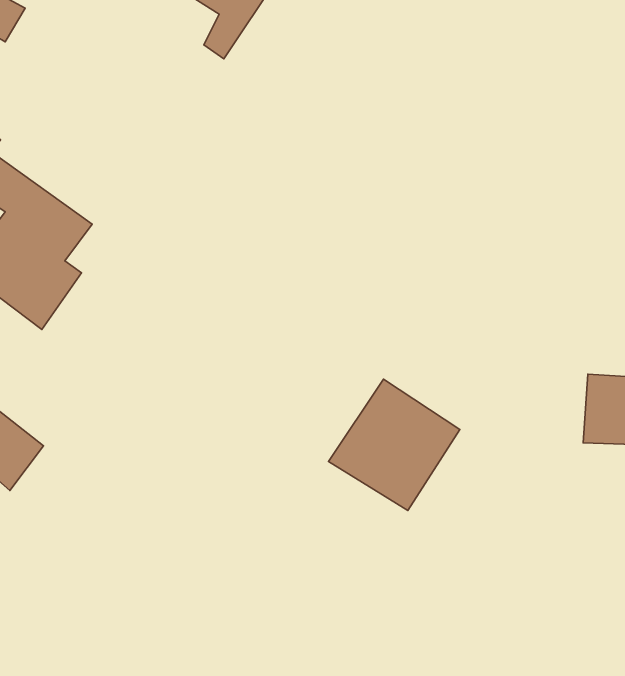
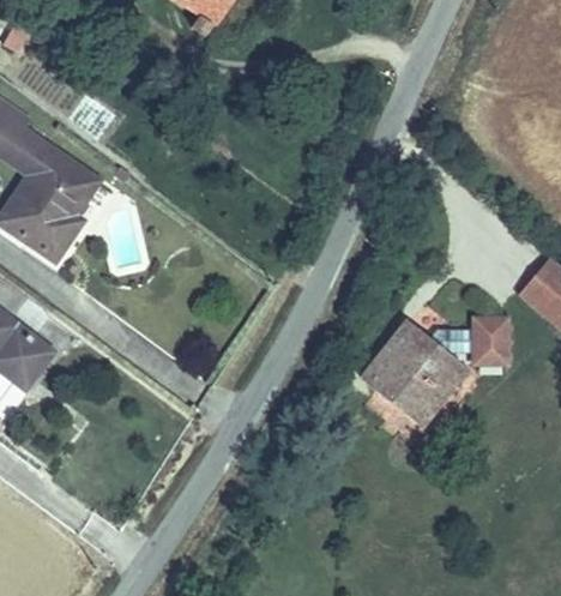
building: [328,379,460,511] -> [362,324,465,427]

